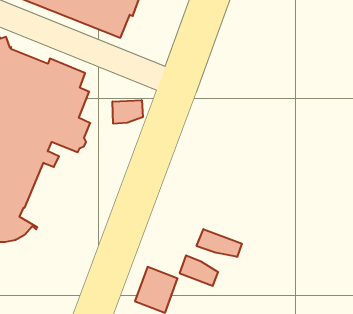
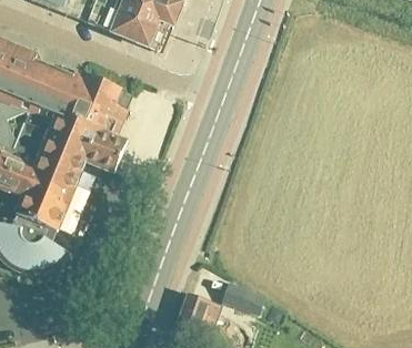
building: [113,100,143,124] -> none
building: [197,229,242,257] -> none

